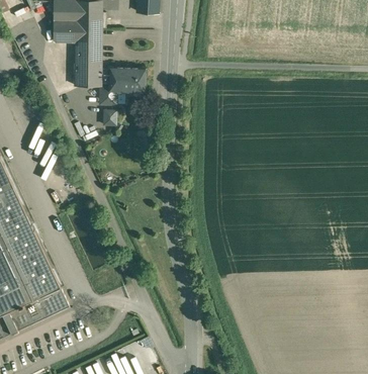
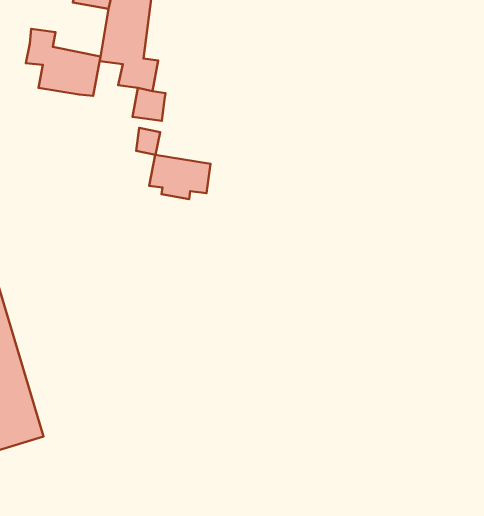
building: none -> [26,29,101,96]
building: [108,70,144,94] -> [149,155,210,199]

